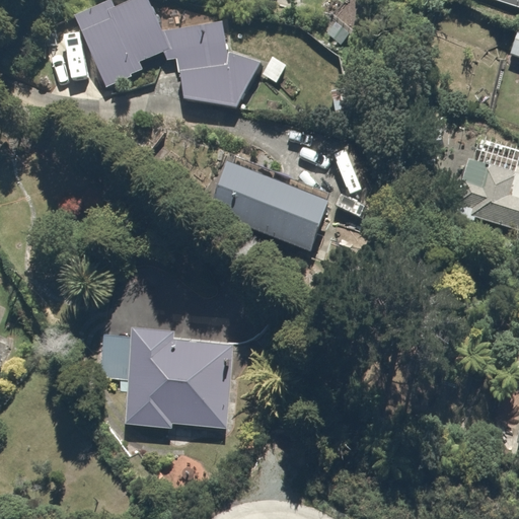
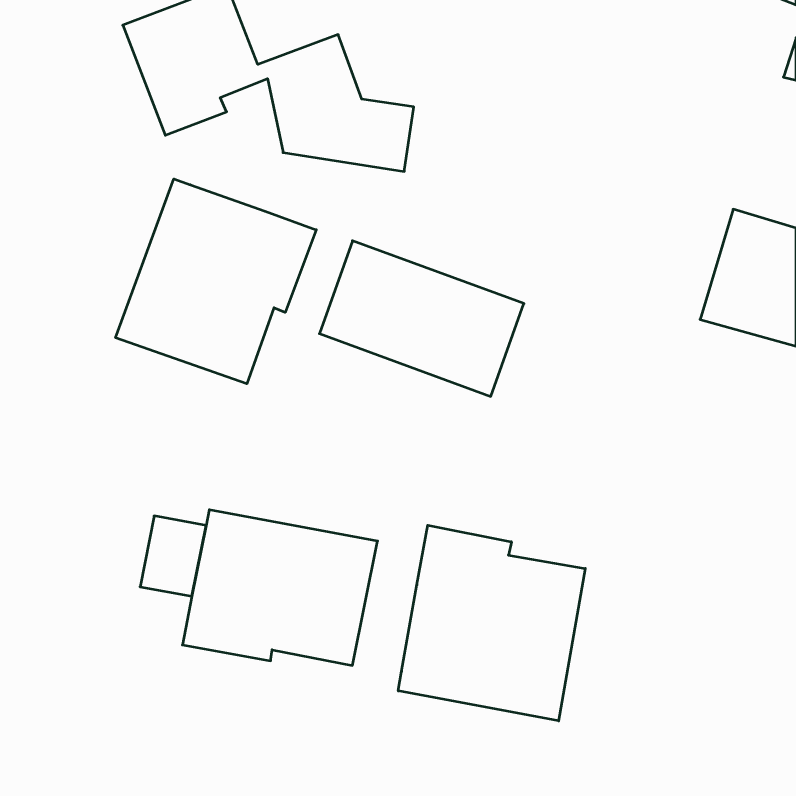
building: none -> [116,179,316,384]
building: none -> [398,525,585,721]

